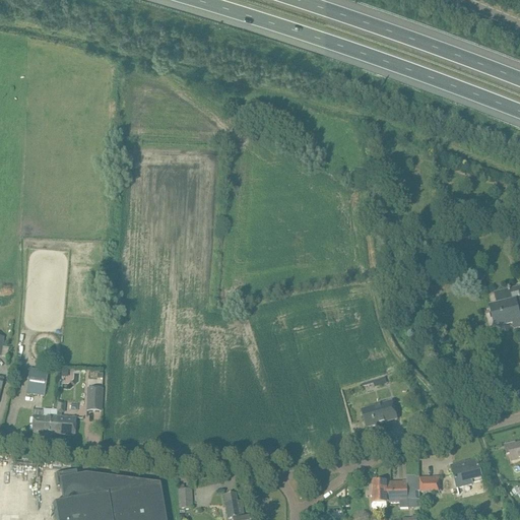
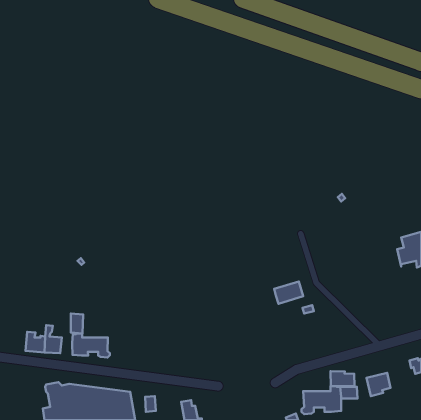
building: [26,367,48,395] -> none
building: [362,400,397,428] -> [274,281,303,304]
building: none -> [72,333,110,357]
building: none -> [331,371,355,386]

